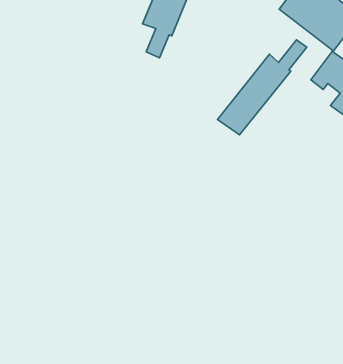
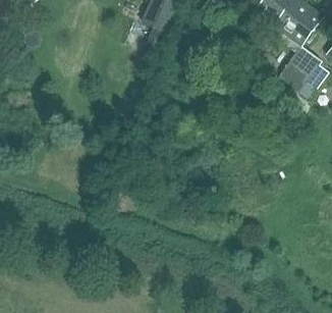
building: [217,40,307,135] -> none

